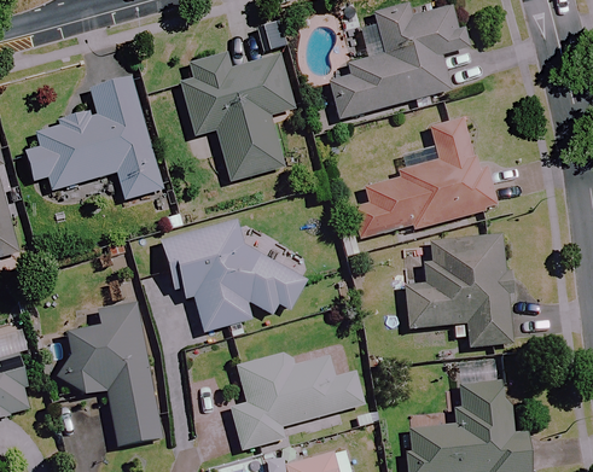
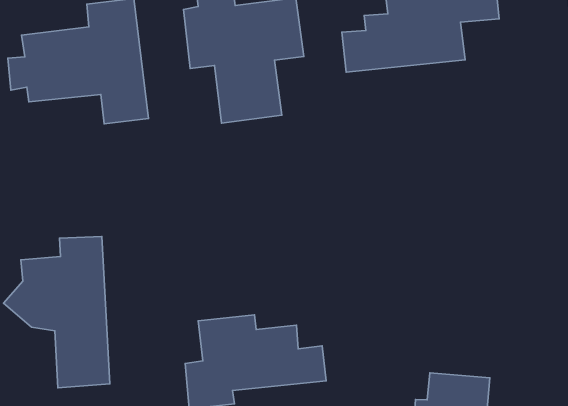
building: [351,117,500,238] -> none
building: [162,221,304,332] -> none
building: [405,233,521,346] -> none

